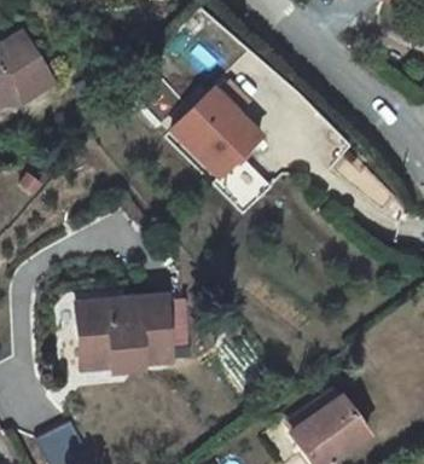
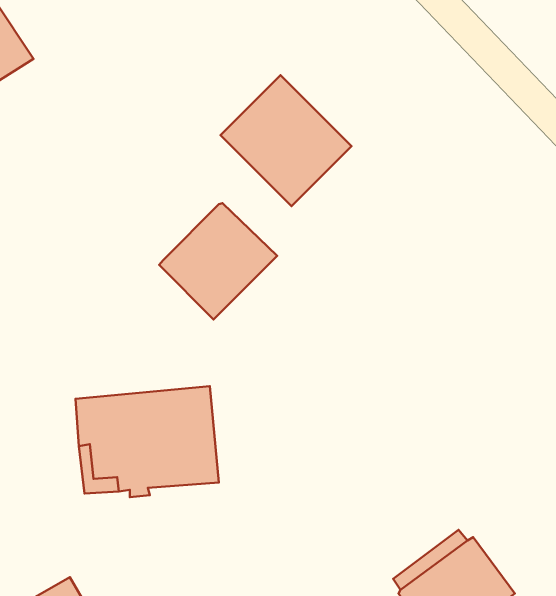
building: none -> [159,203,277,320]

